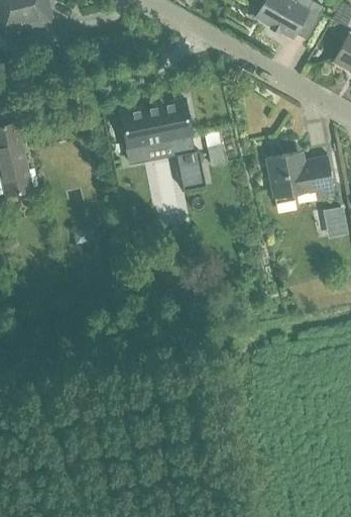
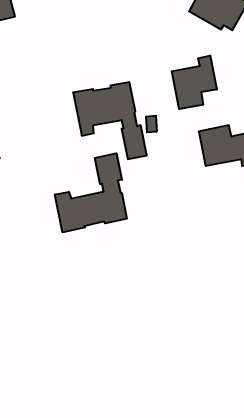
building: none -> [172,55,217,109]
building: none -> [55,153,127,232]

